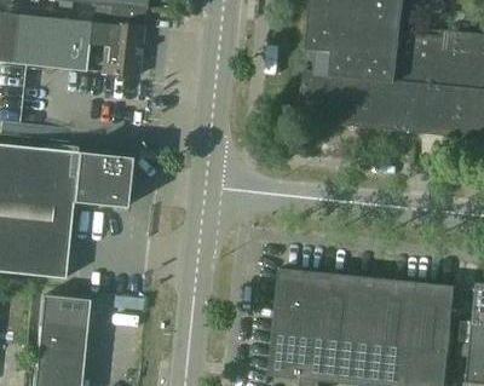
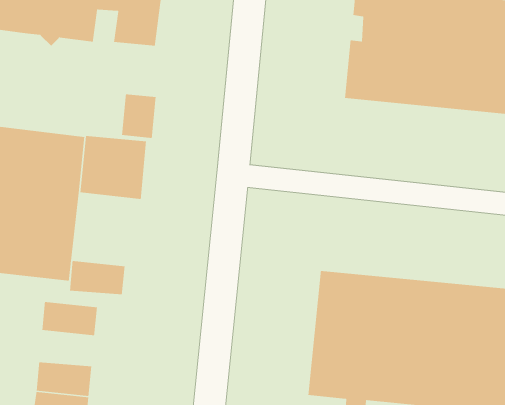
building: none -> [121,93,156,139]
building: [38,319,86,350] -> [69,260,125,295]

